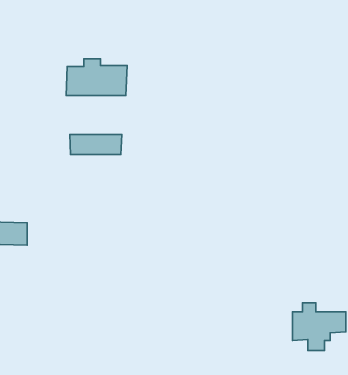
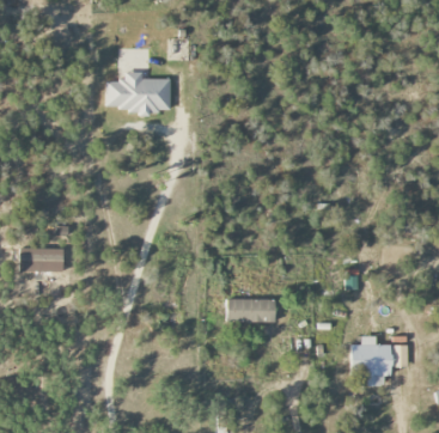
building: [70,135,122,155] -> none
building: none -> [226,298,275,322]

